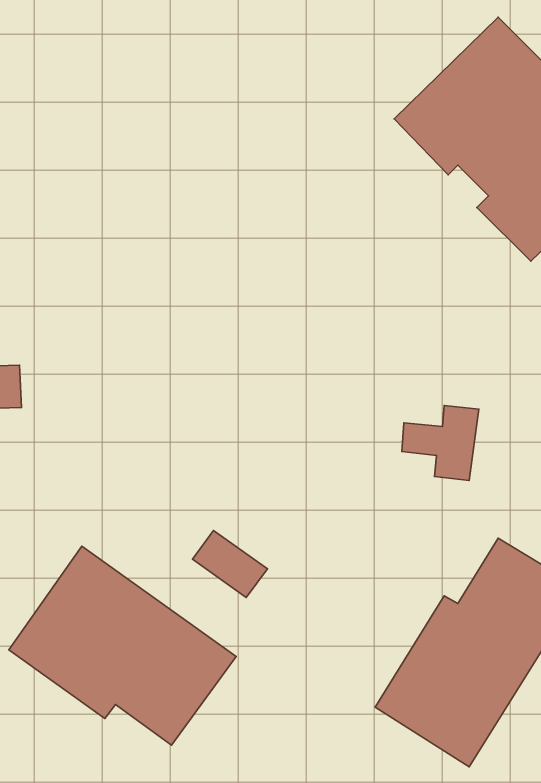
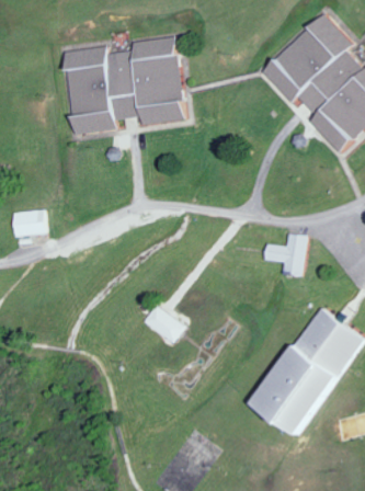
building: none -> [61,36,185,135]
building: [9,546,236,745] -> none

